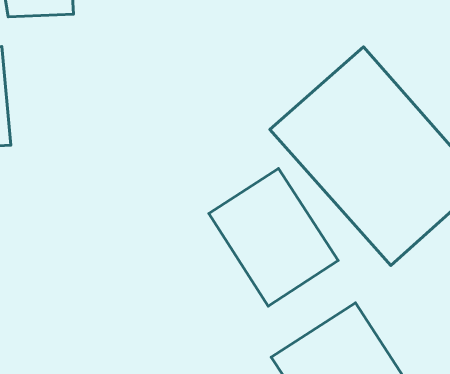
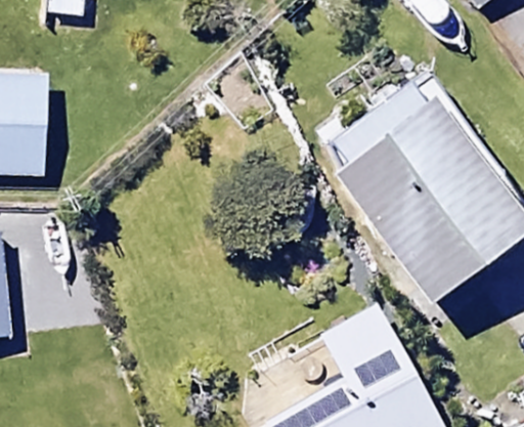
building: [209,168,338,306] -> none

